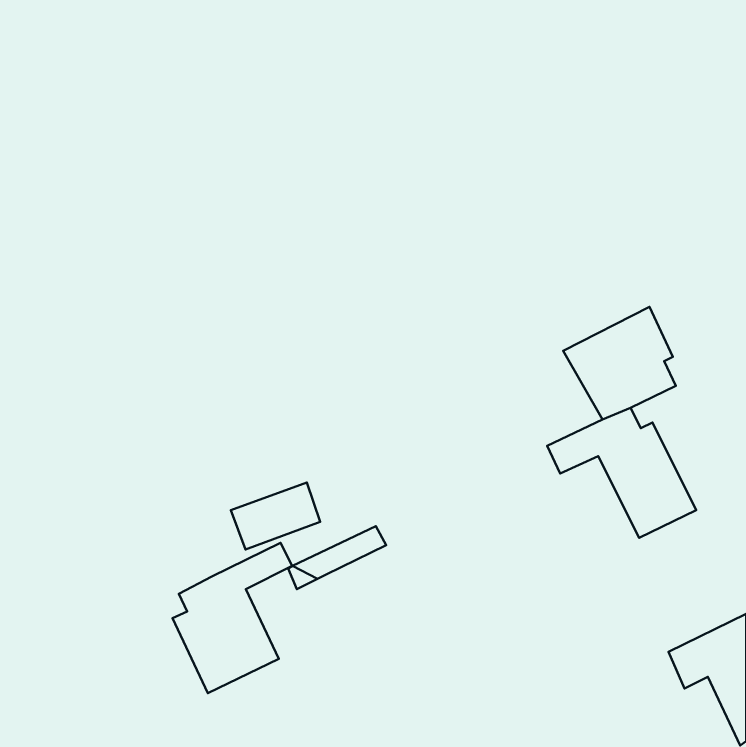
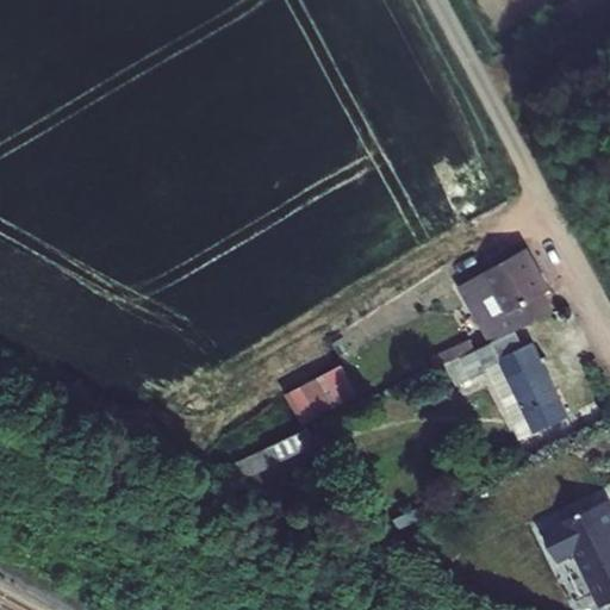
building: [231,482,320,550] -> [284,367,356,422]
building: [173,543,292,693] -> none

